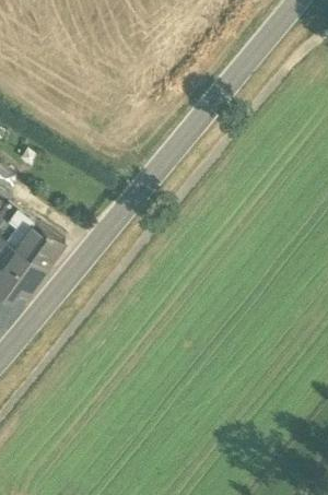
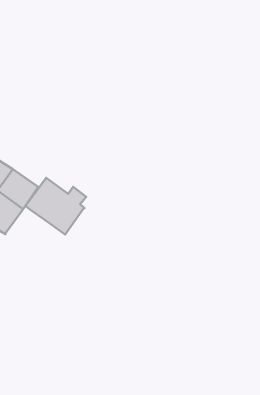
building: none -> [25,178,86,235]

